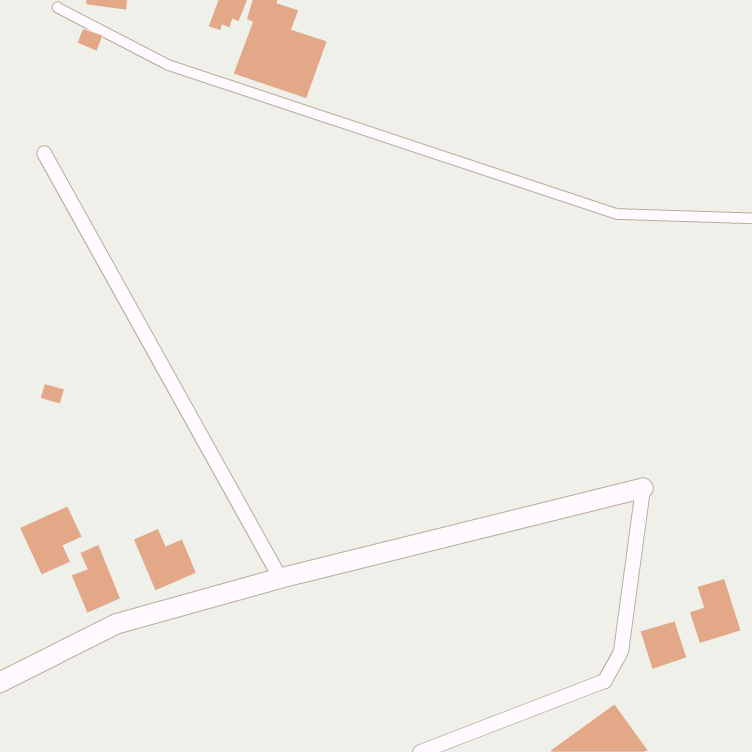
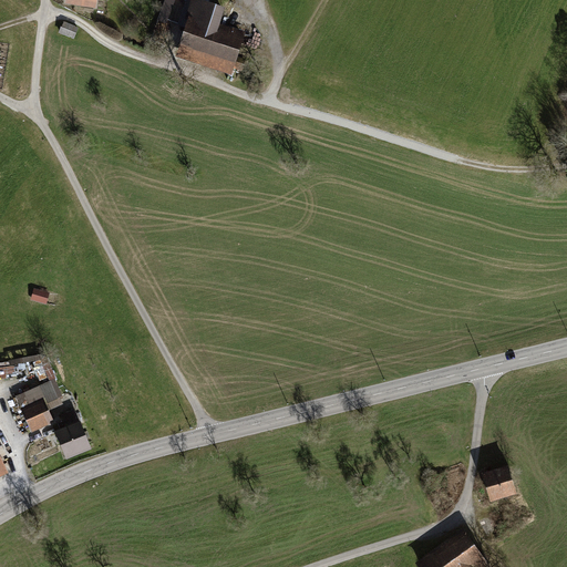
building: [133,528,197,591] -> none
building: [689,578,741,644] -> none

